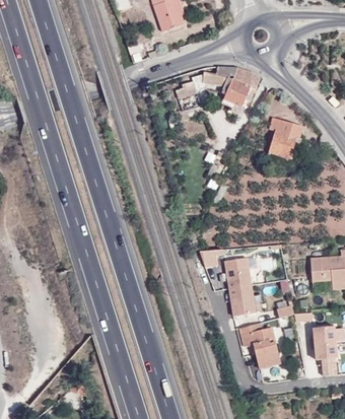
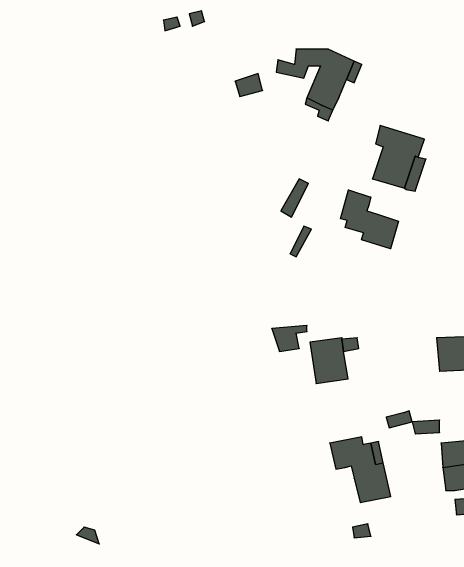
building: none -> [341,190,398,249]
building: [229,285,256,317] -> none

